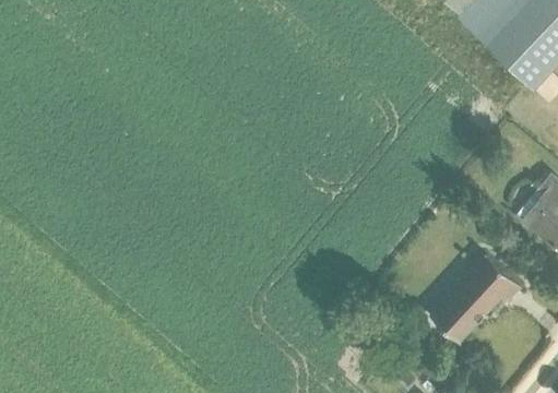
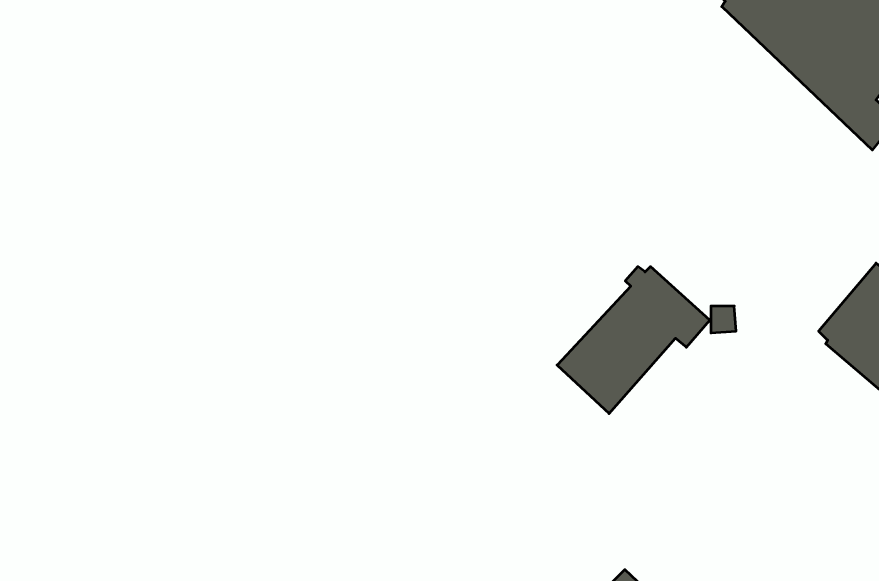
building: [429,254,522,344] -> [557,267,710,414]

